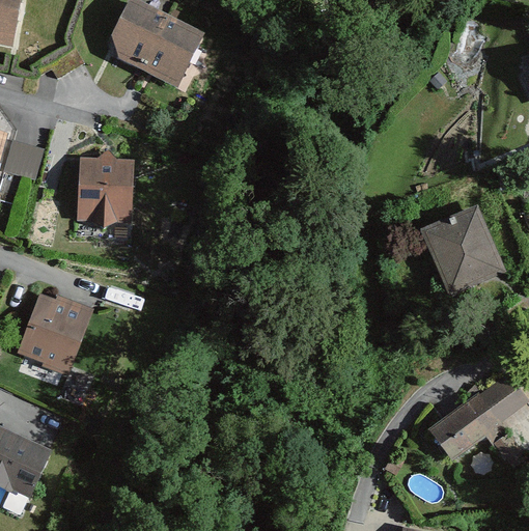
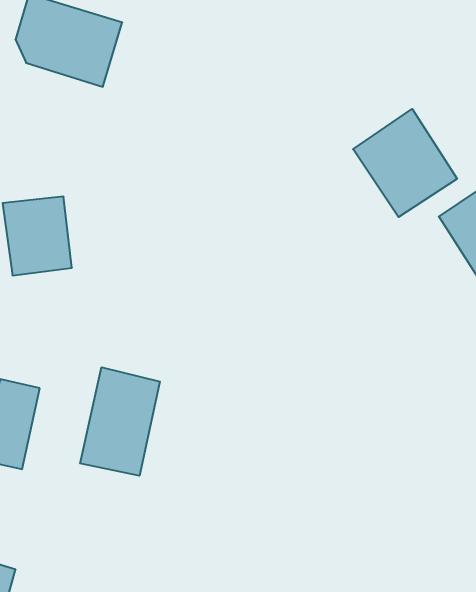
building: none -> [353,109,457,217]
building: none -> [80,367,160,476]

